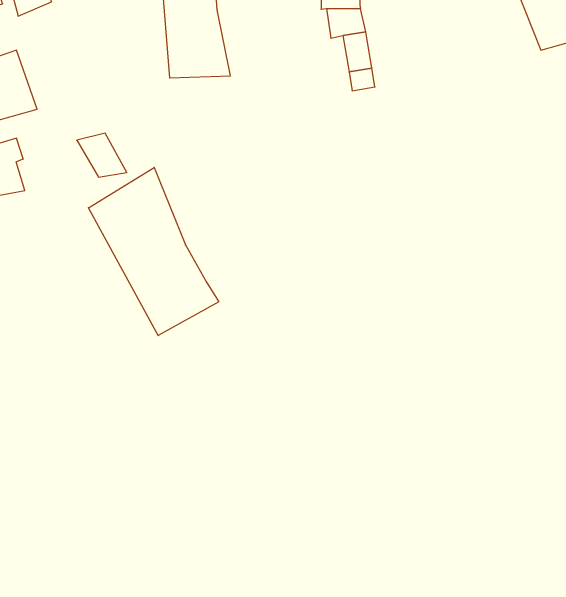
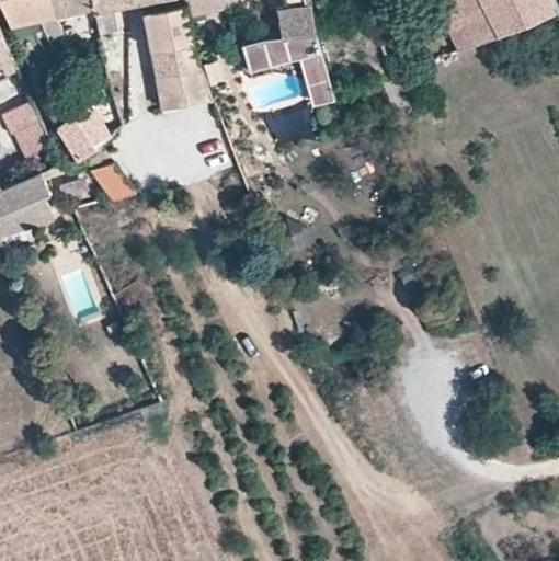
building: none -> [242,35,292,70]
building: none -> [56,103,111,160]
building: [88,167,219,336] -> none

